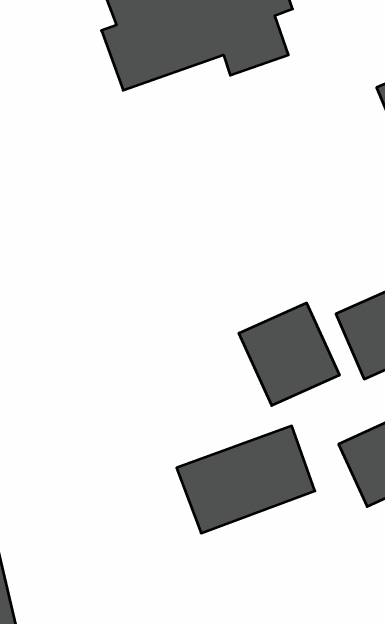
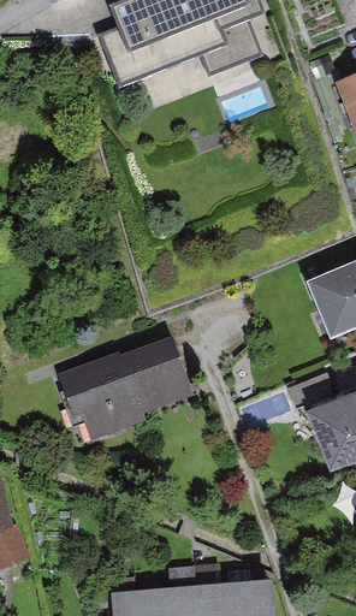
building: [239,303,339,406] -> none
building: [177,426,315,533] -> [65,340,188,436]

